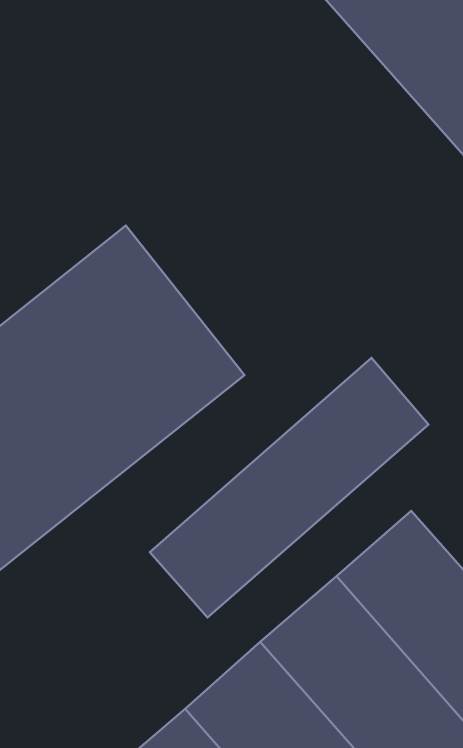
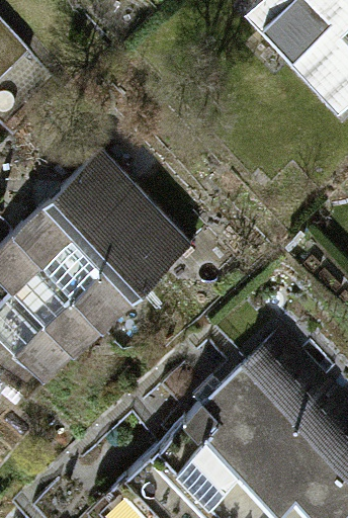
building: [150,358,429,617] -> none

